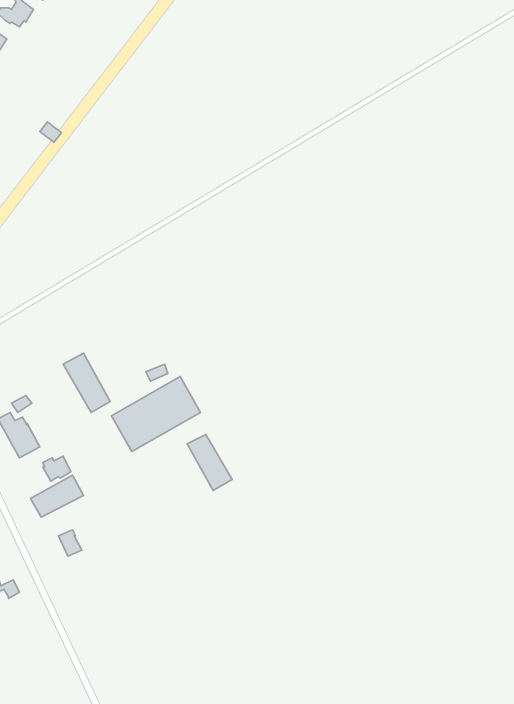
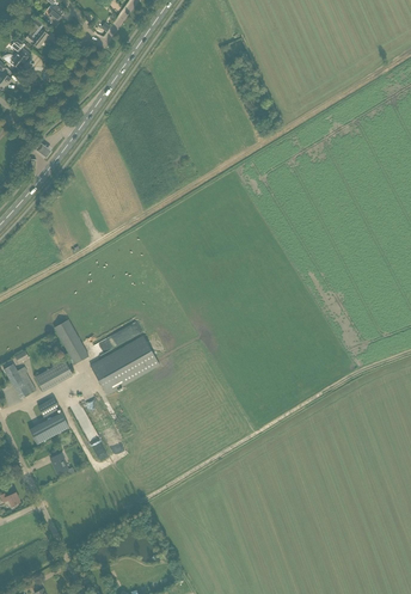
building: none -> [33,359,72,390]
building: [187,434,232,490] -> none

